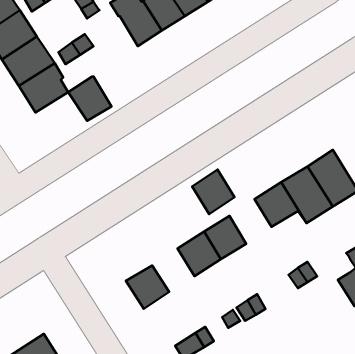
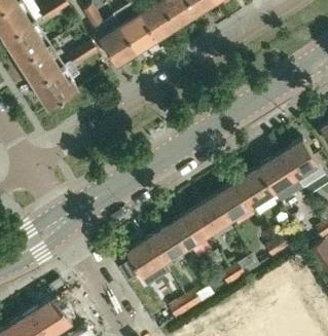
building: [68,76,111,121] -> [99,27,136,65]
building: [192,170,234,214] -> [214,183,250,221]
building: none -> [148,225,184,262]

